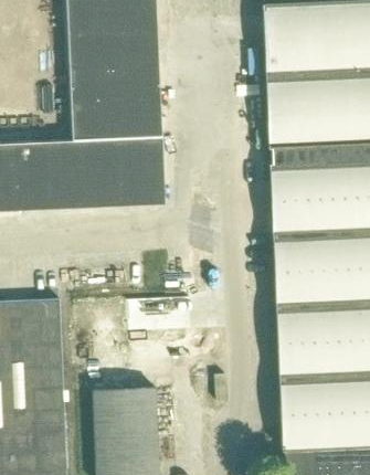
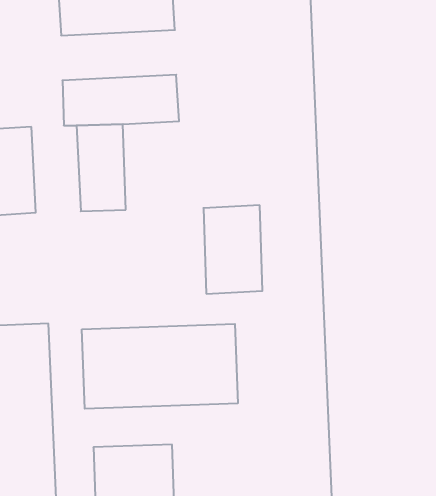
building: [68,64,159,104] -> none
building: [117,136,163,205] -> [203,205,262,294]
building: [45,139,84,208] -> none
building: none -> [82,324,238,409]

